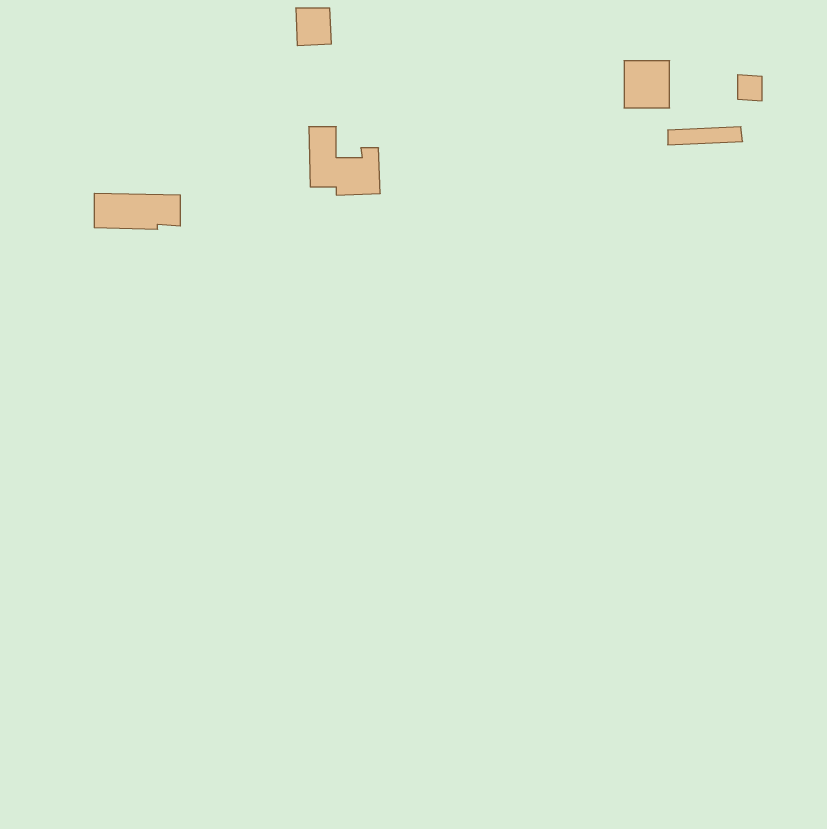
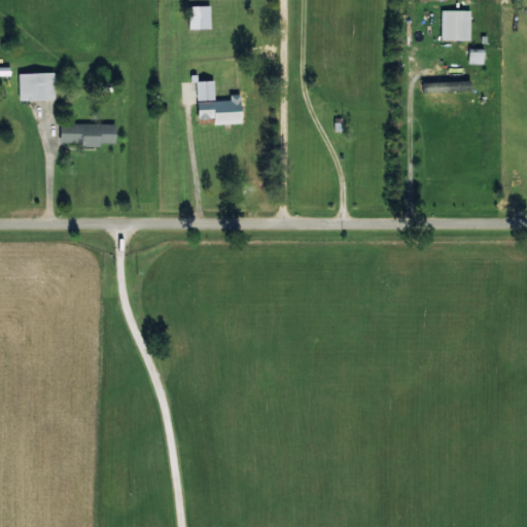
building: [624,61,670,108] -> [443,10,471,40]
building: none -> [20,73,57,101]

